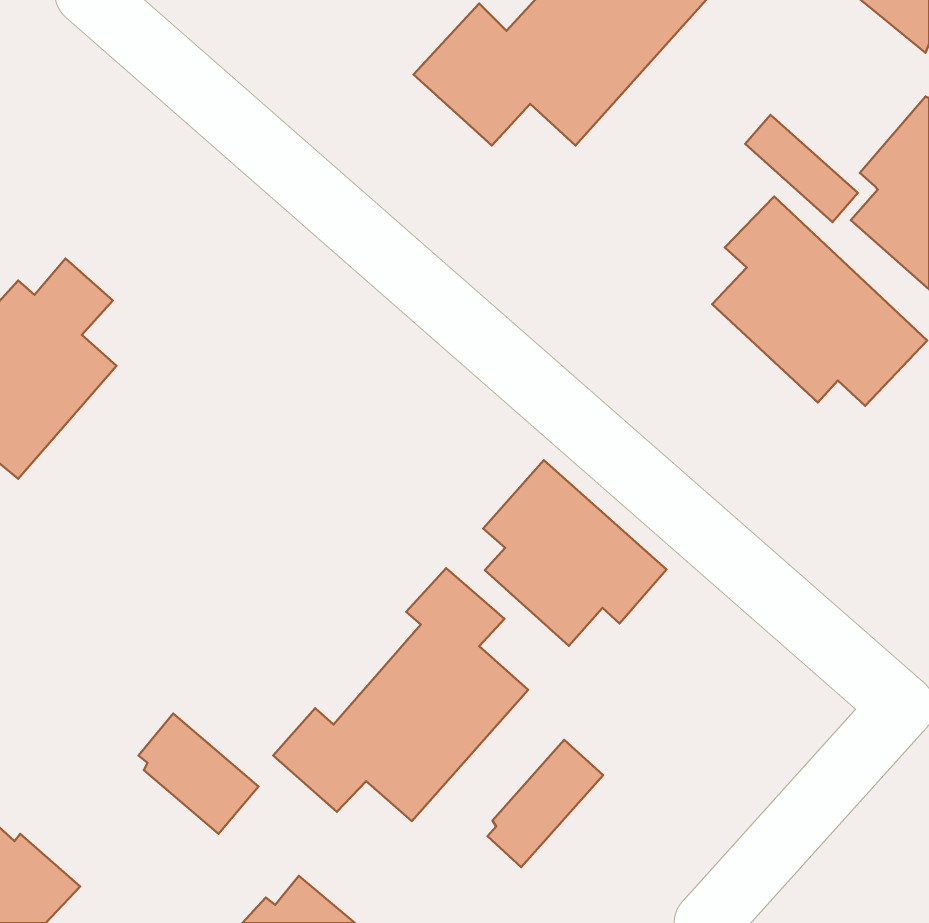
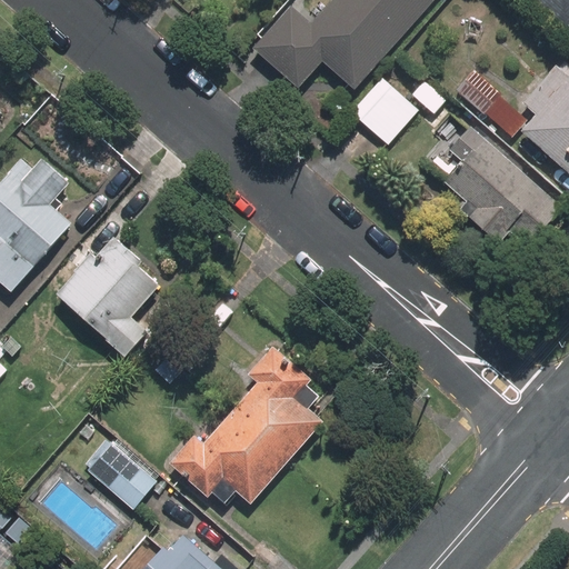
building: none -> [350,76,419,144]
building: none -> [54,236,159,358]
building: [483,460,667,646] -> none
building: [487,740,603,867] -> none

